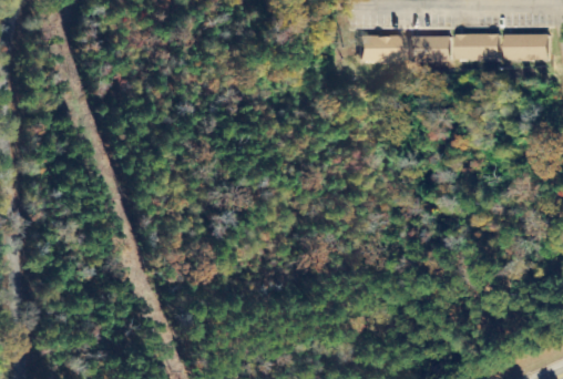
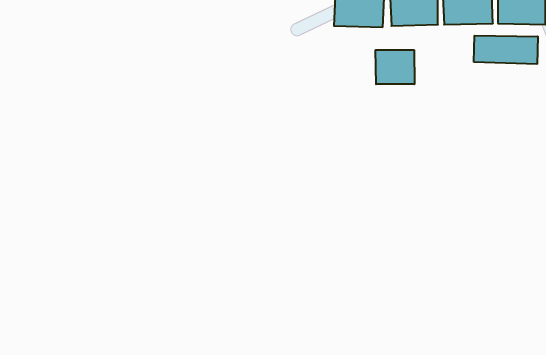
building: none -> [474,36,538,64]
building: none -> [376,50,414,84]

